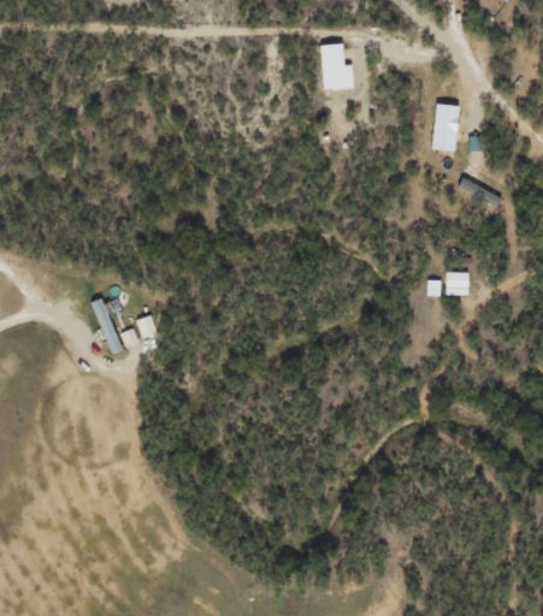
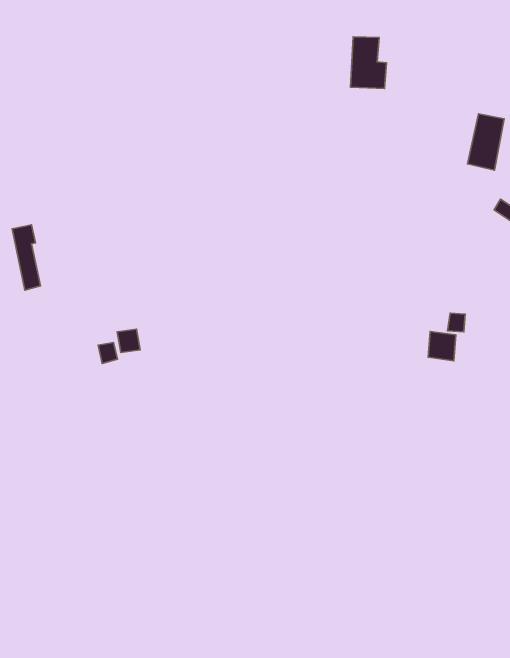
building: [445,272,468,296] -> [428,331,456,361]
building: [93,298,122,356] -> [12,225,40,290]

